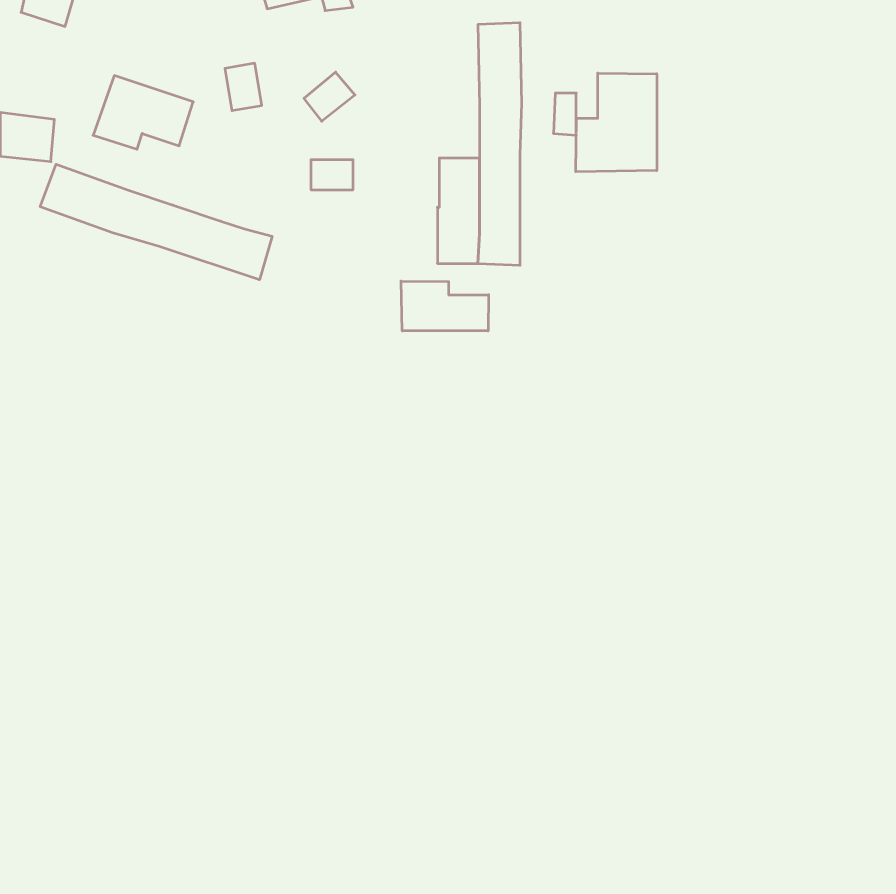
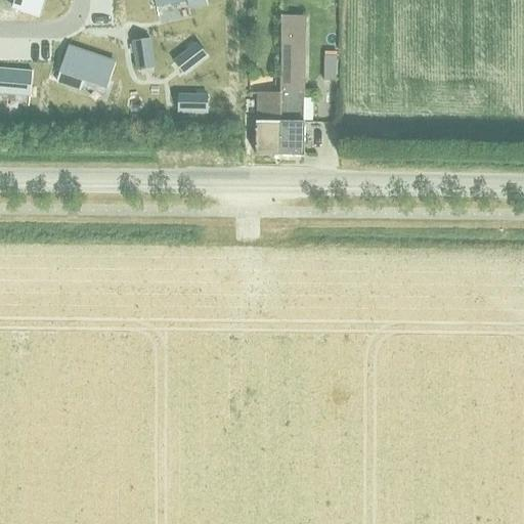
building: [576,73,657,172] -> none
building: [40,164,272,280] -> none
building: [401,281,489,331] -> none

